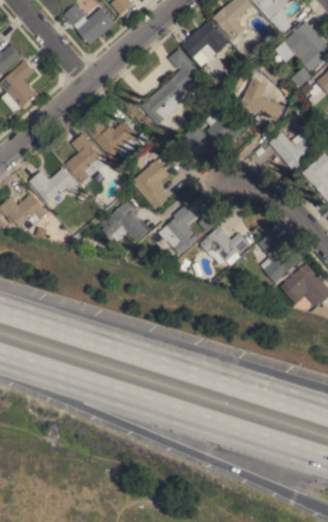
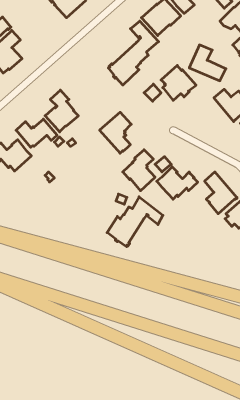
building: [87,120,137,157] -> none
building: [100,201,148,242] -> none
building: none -> [107,197,163,247]

